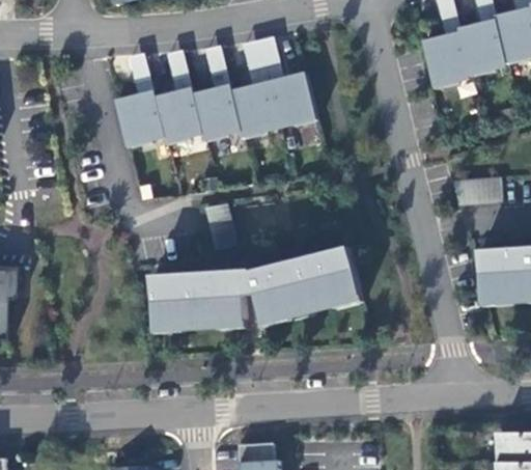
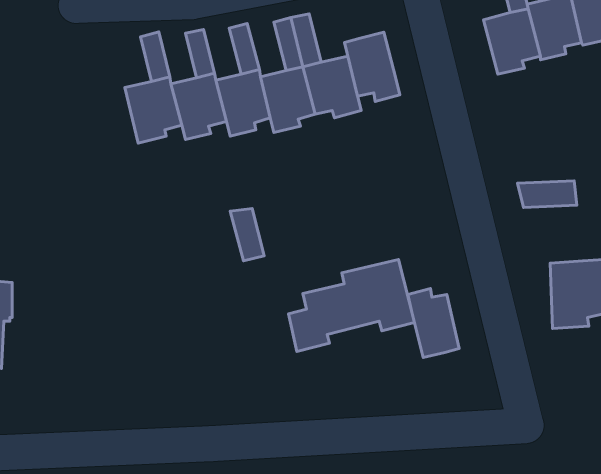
building: none -> [345,32,400,102]
building: none -> [408,289,459,358]
building: [150,273,246,332] -> none

